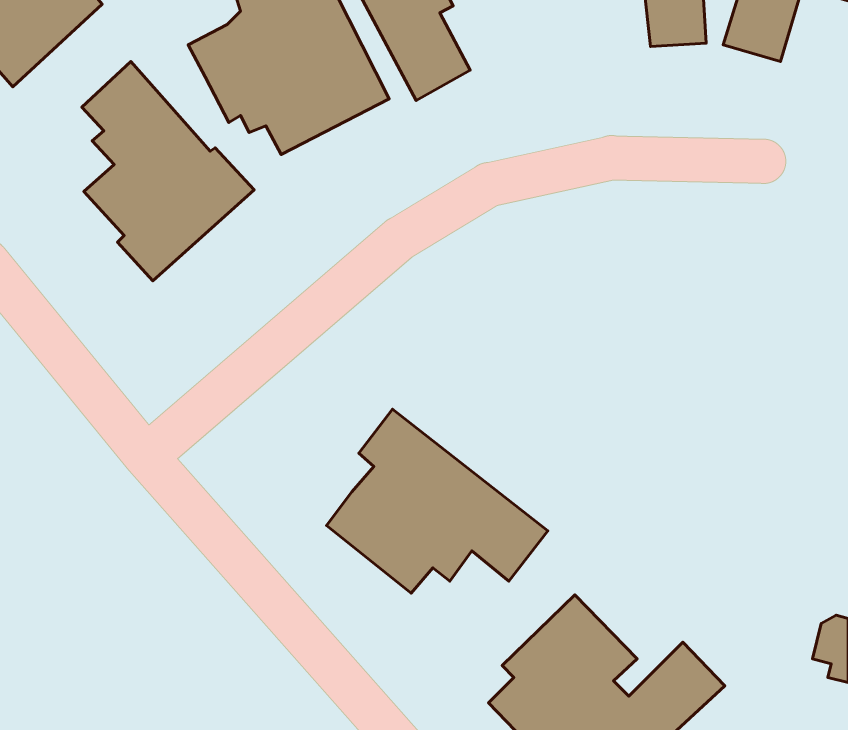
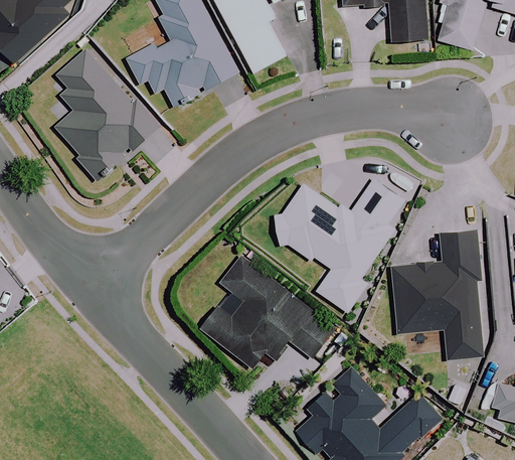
building: none -> [275,176,406,311]
building: none -> [393,229,481,361]

